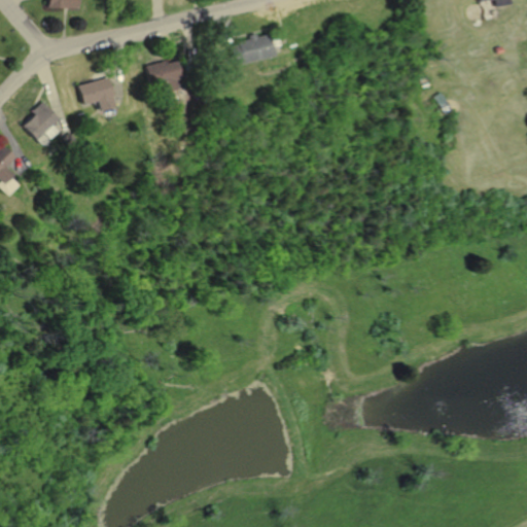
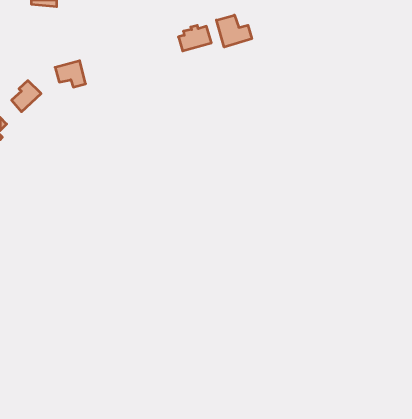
building: none -> [216,15,252,47]
building: [149,60,185,95] -> none

